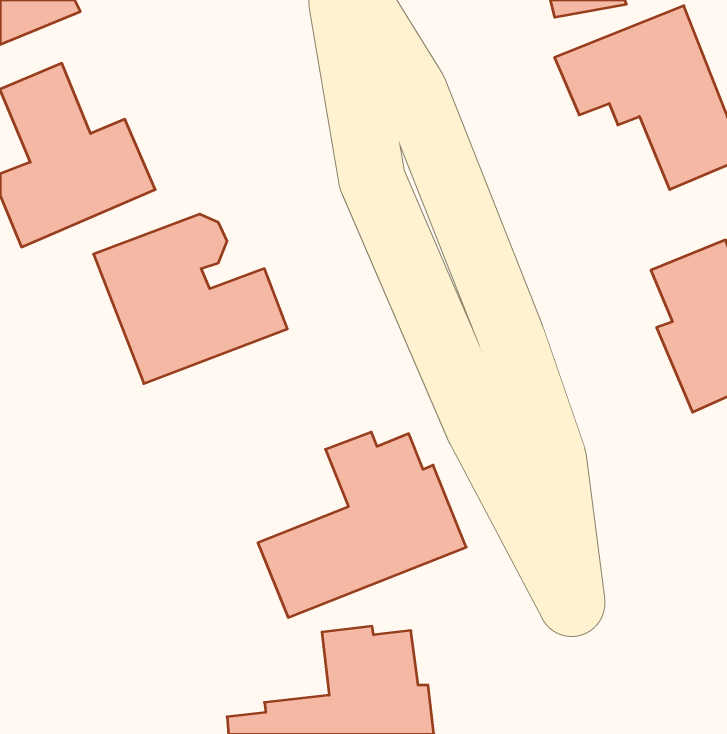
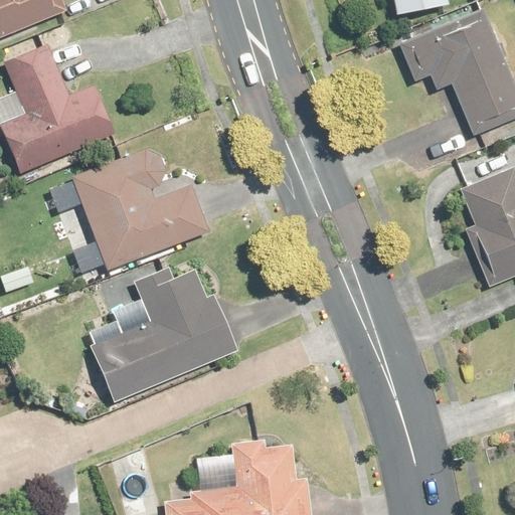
building: [258,432,466,617] -> [90,271,235,400]

